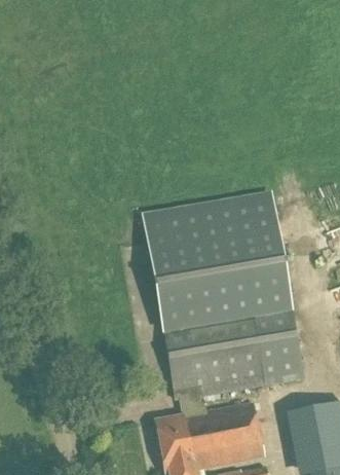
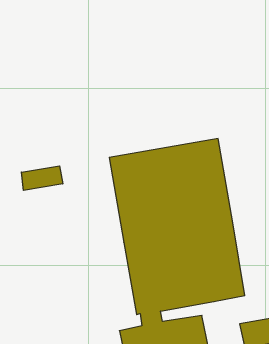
building: none -> [21,166,63,190]

